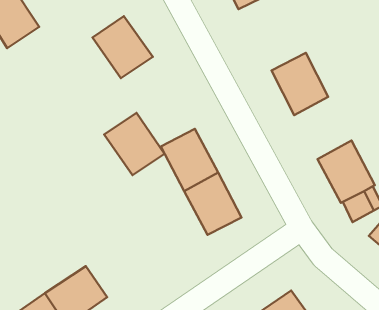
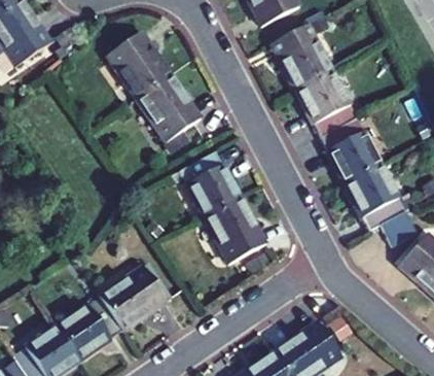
building: none -> [272,24,332,89]
building: none -> [320,116,381,182]
building: [104,113,165,175] -> [137,74,201,140]
building: none -> [100,266,167,329]

